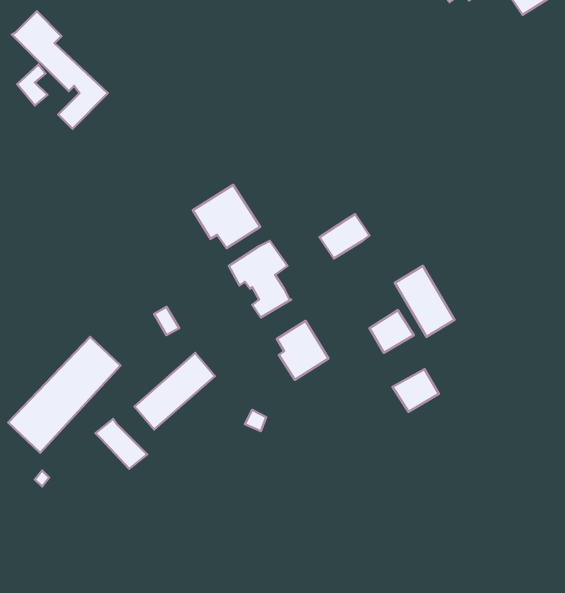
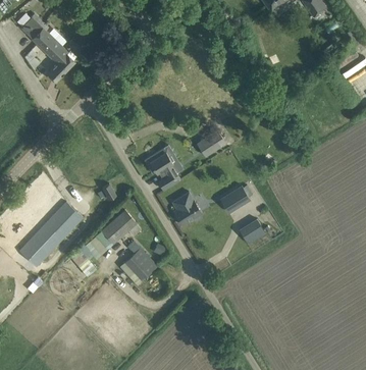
building: [193,185,260,248] -> none
building: [395,266,454,337] -> none
building: none -> [124,249,157,280]

